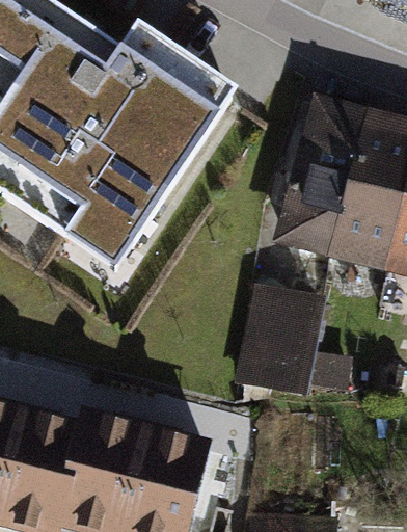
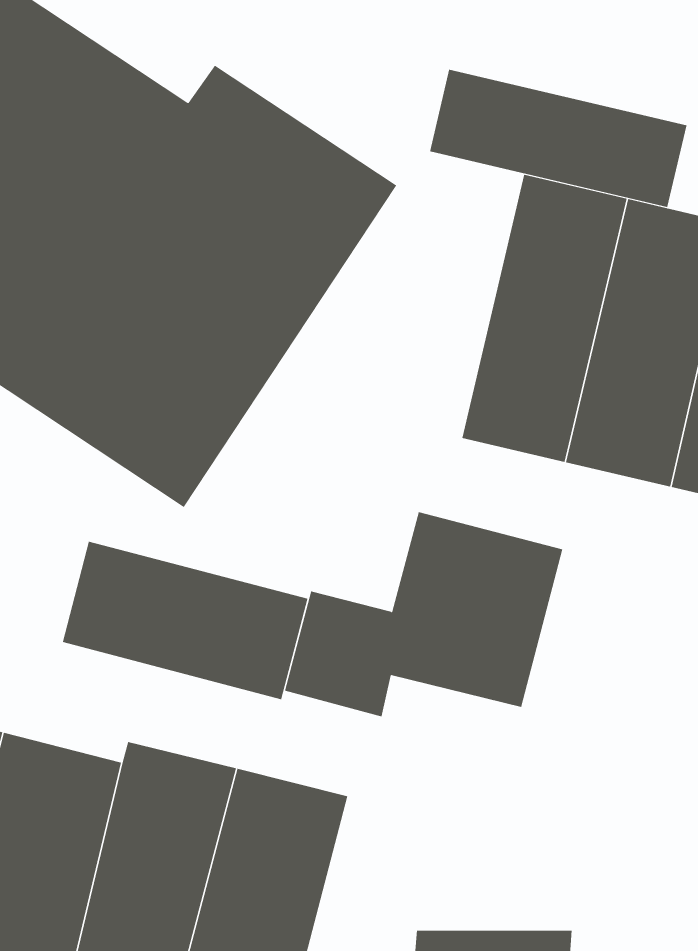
building: none -> [429,69,687,208]
building: none -> [62,541,308,700]

